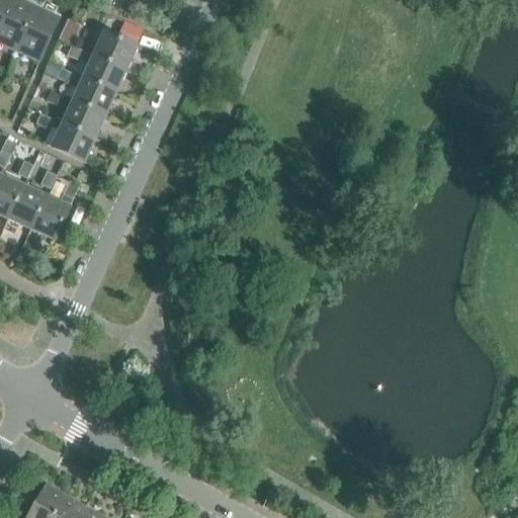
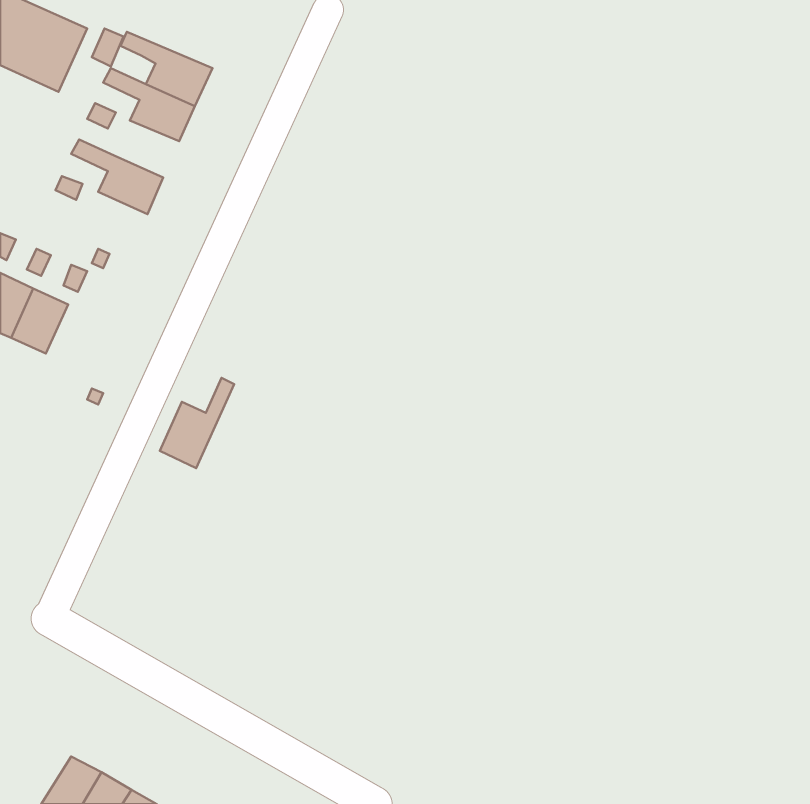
building: [73,77,114,113] -> none
building: [53,122,94,160] -> none
building: [29,179,77,237] -> [160,378,234,468]

